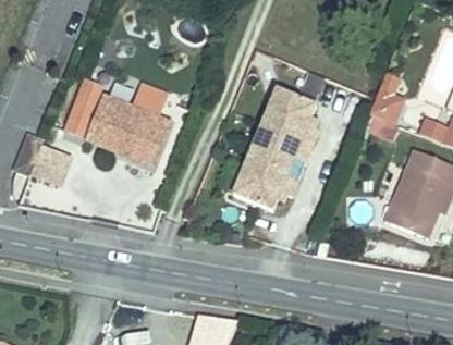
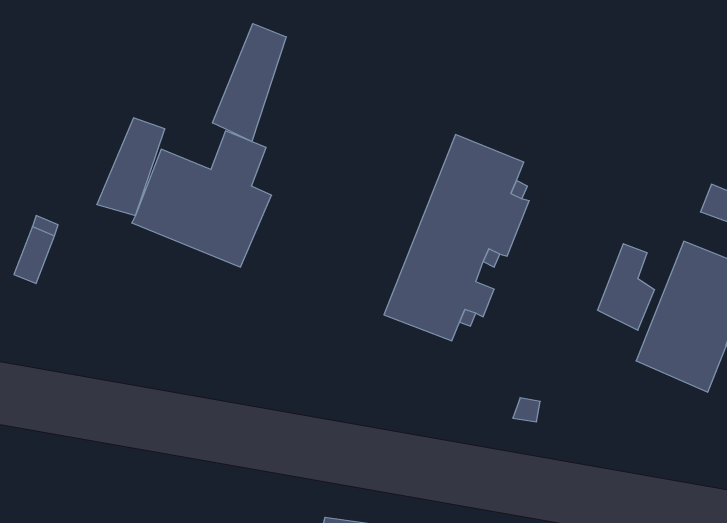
building: none -> [212,24,286,142]
building: [371,70,405,121] -> [597,244,655,330]

